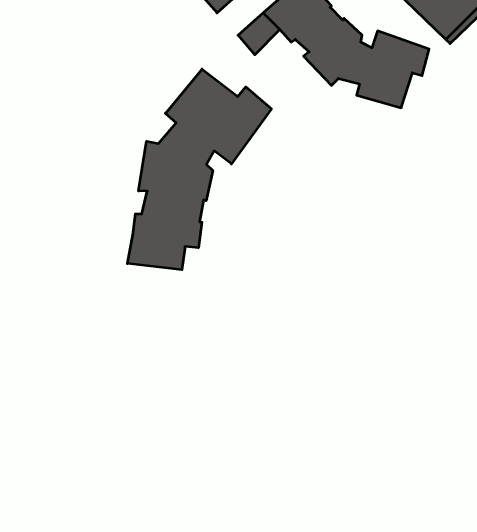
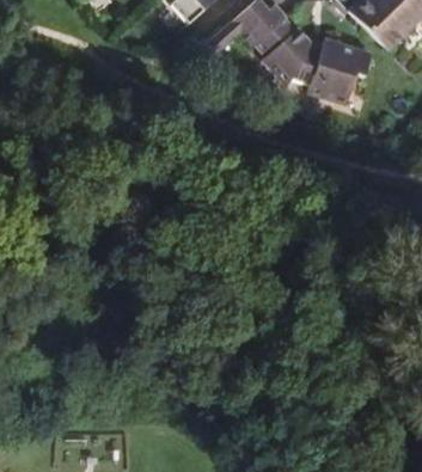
building: [127,69,271,270] -> none

